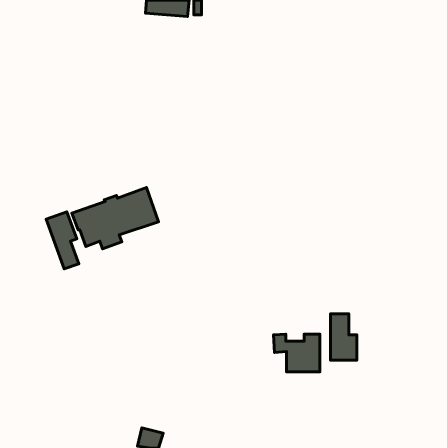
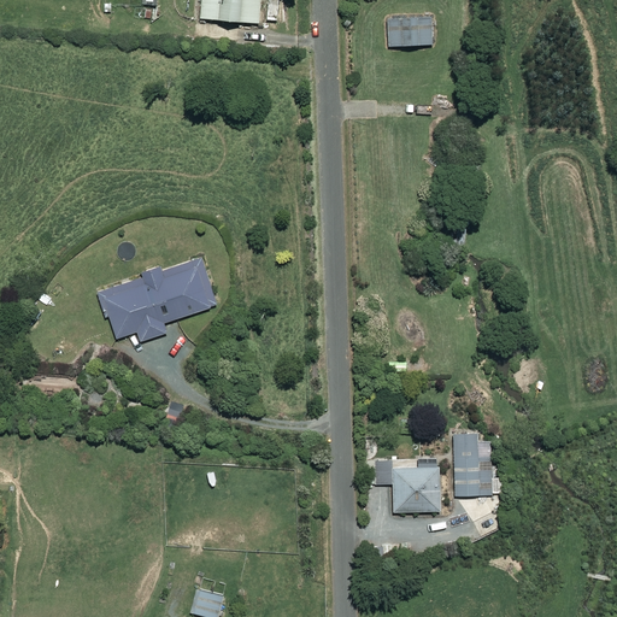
building: none -> [387,16,433,46]
building: [46,212,79,269] -> none

